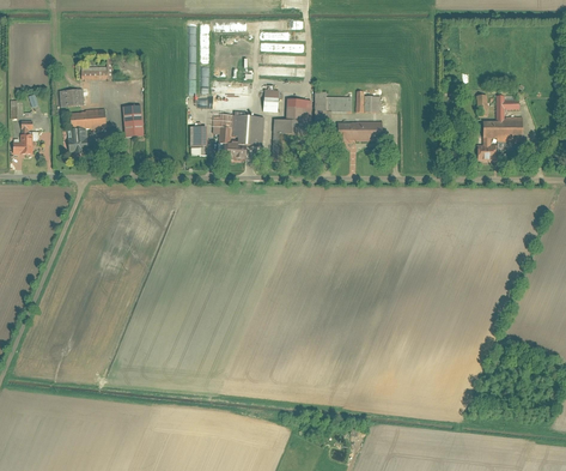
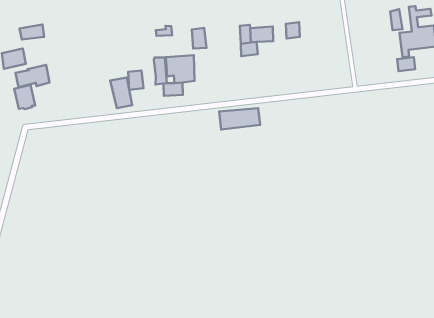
building: [276,99,310,134] -> none
building: [122,105,142,137] -> [110,78,132,108]
building: [337,121,379,140] -> [219,108,260,129]

